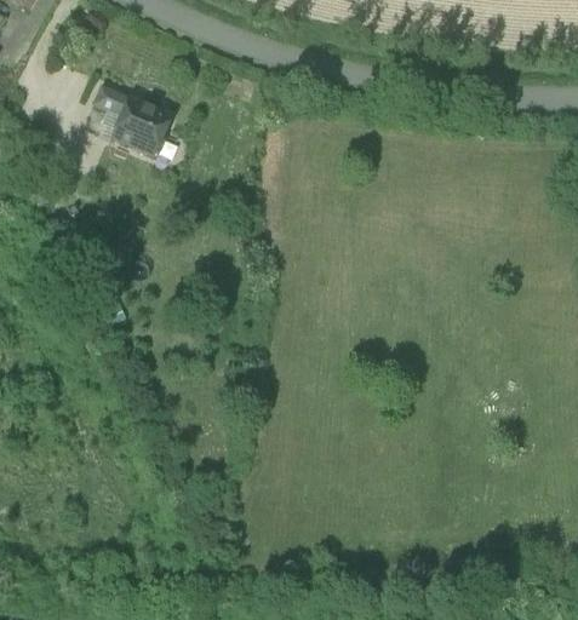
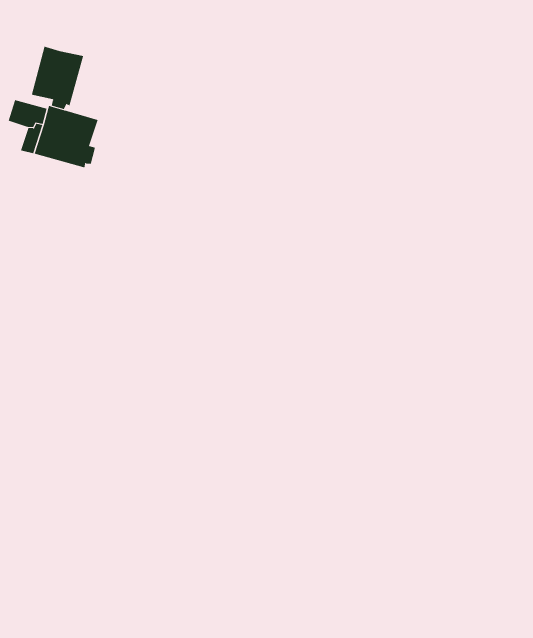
building: none -> [31,46,84,110]

